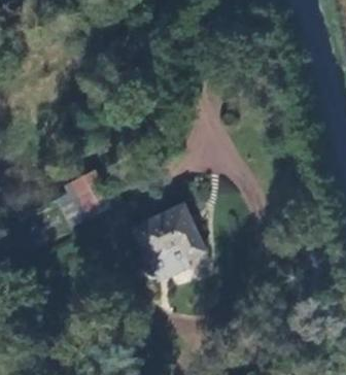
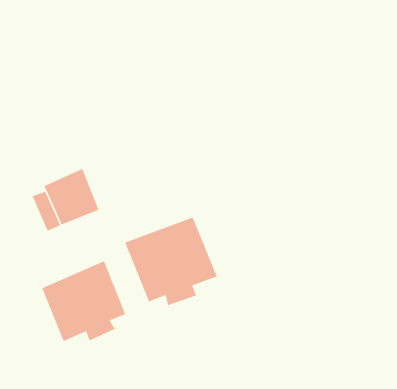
building: none -> [41,260,126,342]

